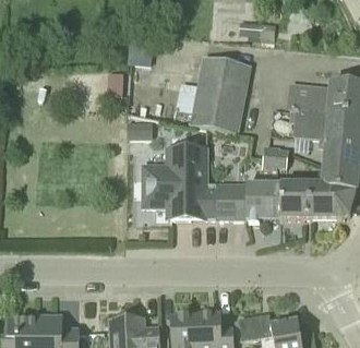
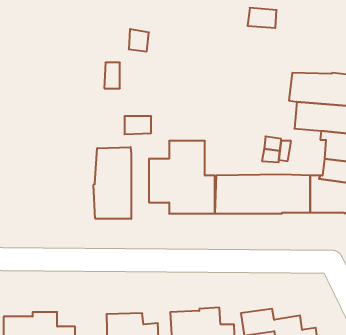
building: [189,56,251,133] -> none
building: none -> [93,147,131,219]

